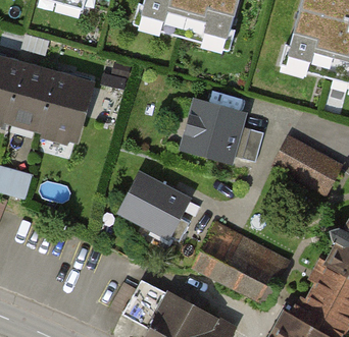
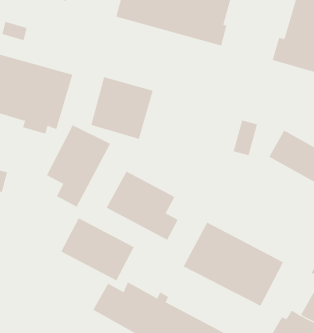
building: [183,99,242,158] -> [91,76,154,139]
building: none -> [46,125,111,208]
building: none -> [61,217,134,281]

